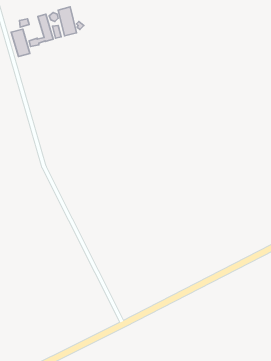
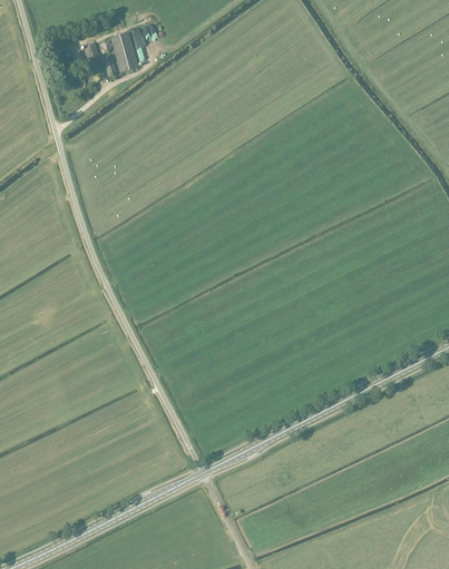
building: [11,29,30,57] -> none

